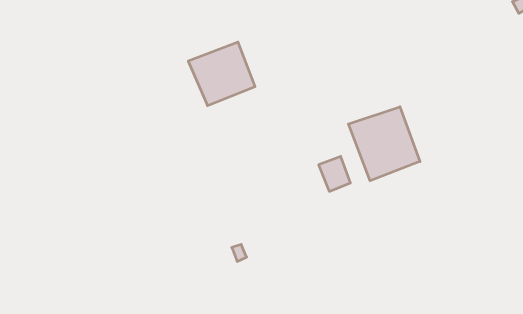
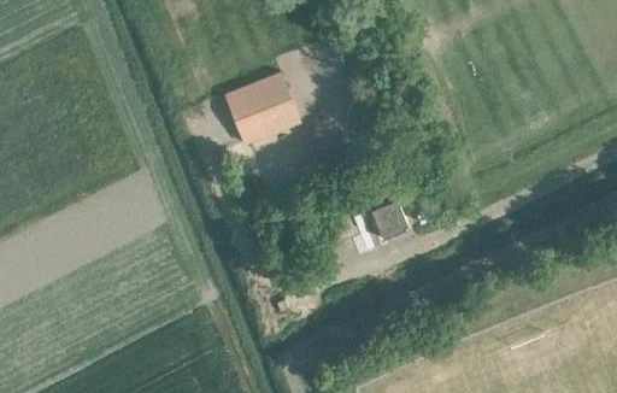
building: [348,107,420,181] -> none

